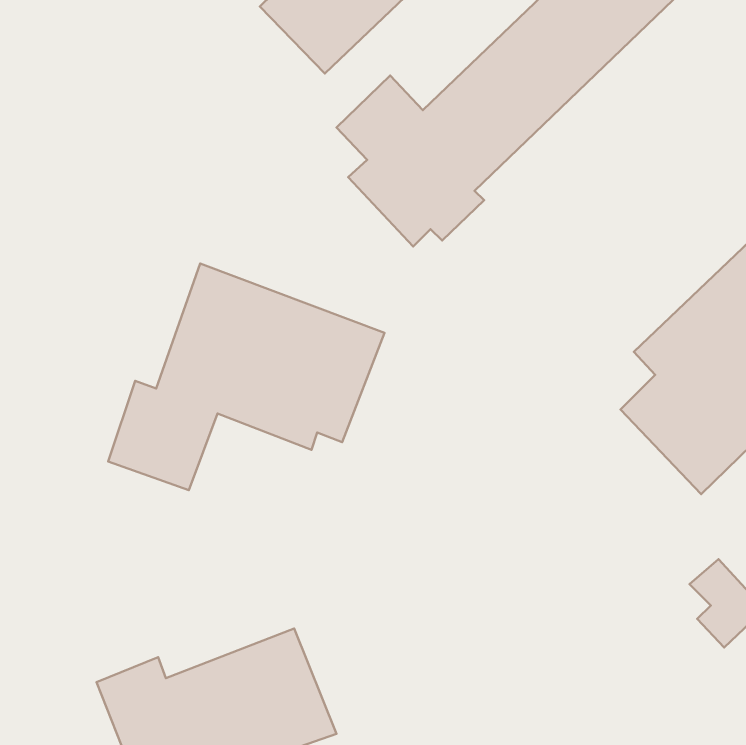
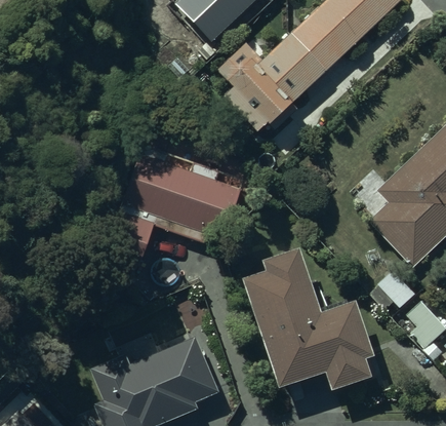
building: none -> [242,249,373,391]

